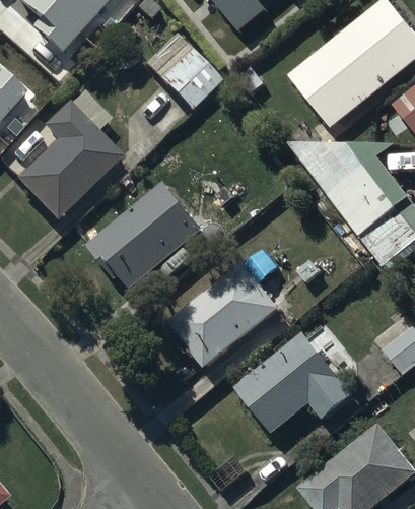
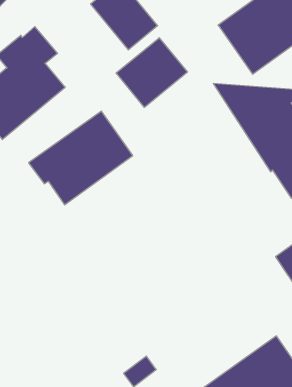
building: none -> [116,38,187,107]
building: [169,268,278,367] -> none
building: [234,332,352,433] -> none

